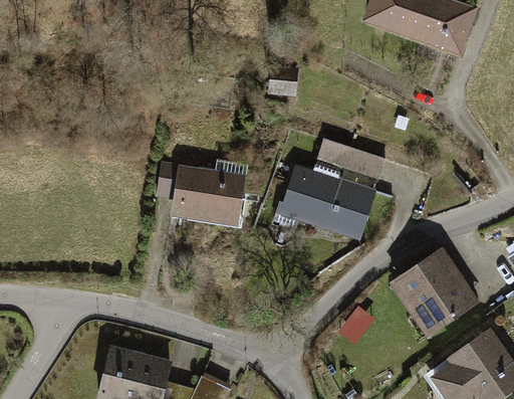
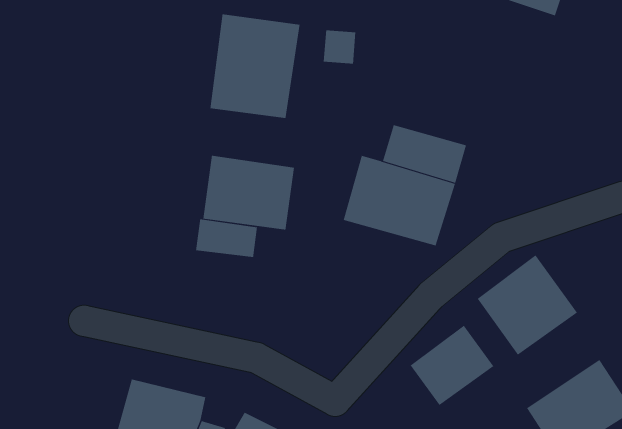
building: none -> [210,14,300,119]
building: none -> [195,219,257,258]
building: none -> [410,325,494,406]

